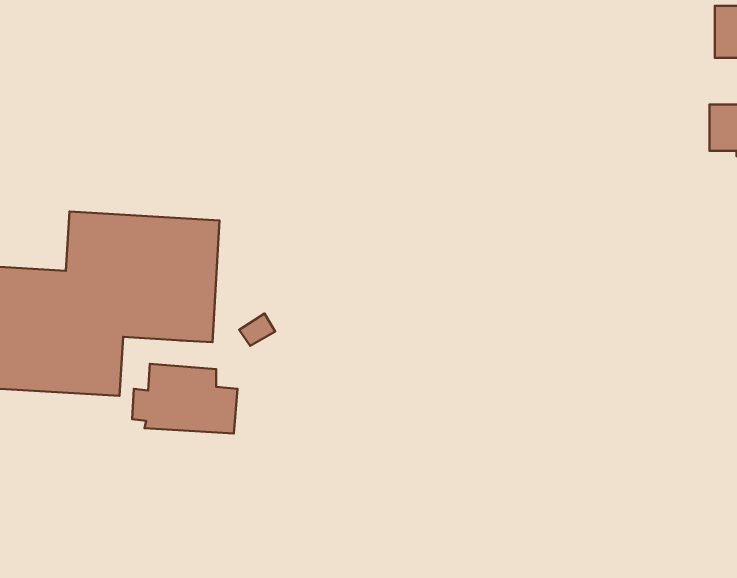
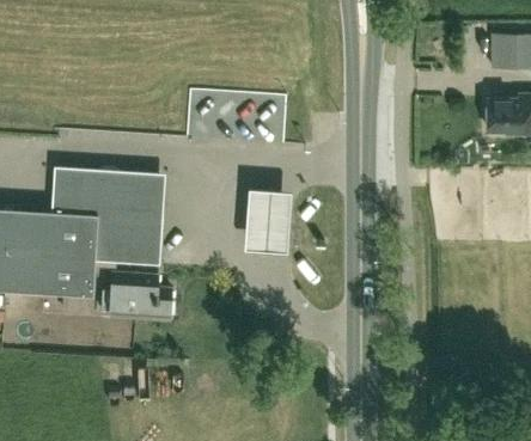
building: none -> [246,182,293,246]

